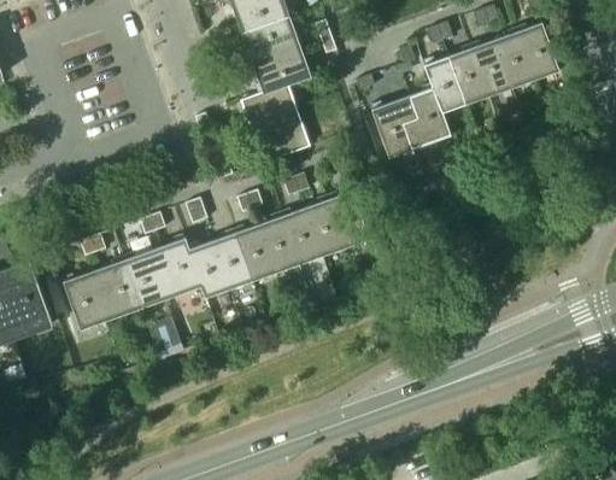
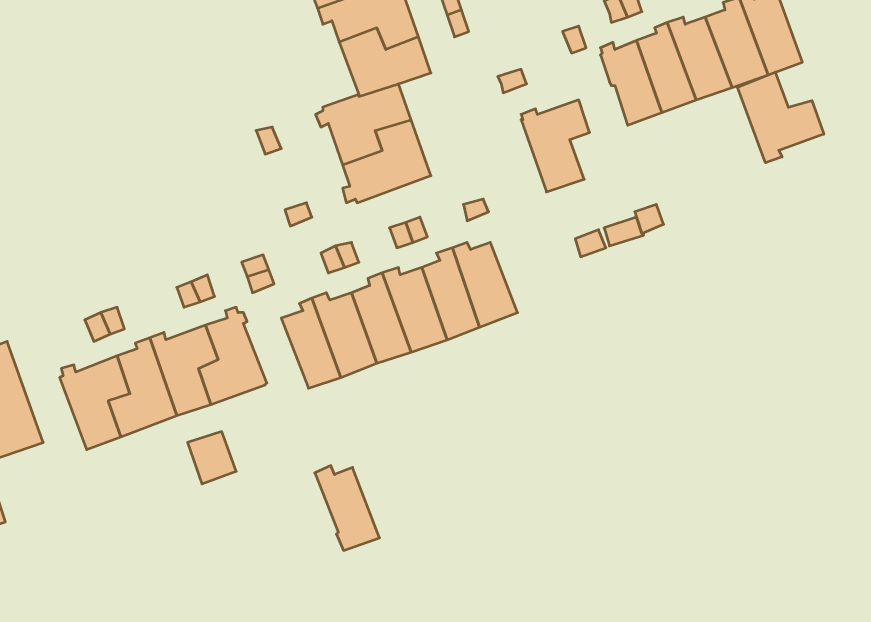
building: none -> [737,72,824,163]
building: [404,83,451,148] -> none
building: [186,240,229,297] -> [315,466,380,550]

